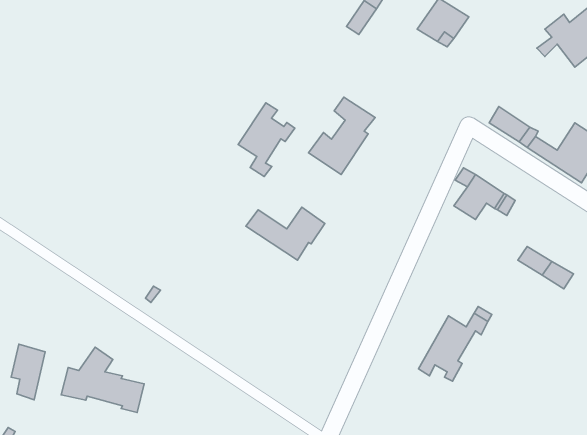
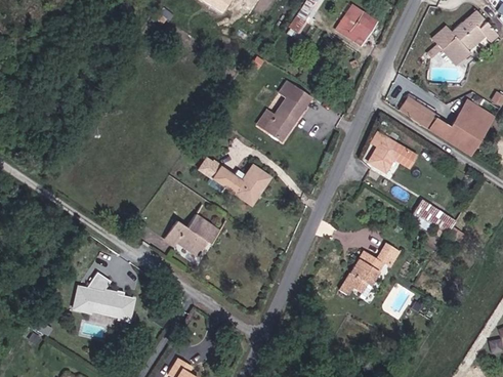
building: [238,103,295,177] -> none
building: none -> [164,215,219,256]
building: [11,344,45,400] -> none

